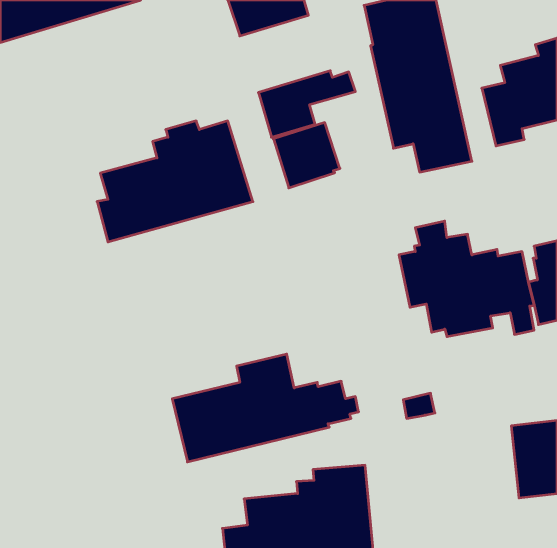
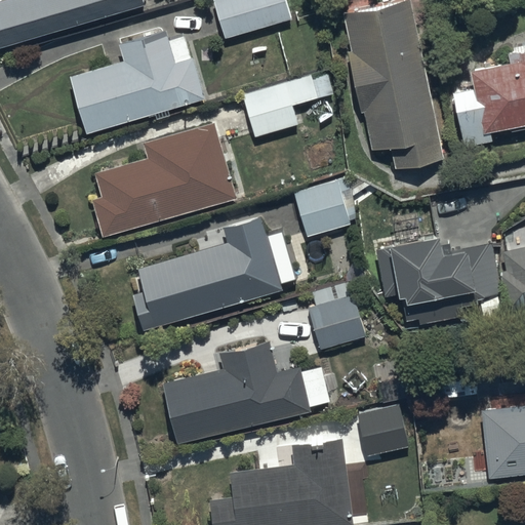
building: none -> [70,30,204,132]
building: [273,123,340,188] -> [293,177,356,239]
building: none -> [131,216,282,330]
building: none -> [308,285,365,350]
building: none -> [355,404,410,460]

